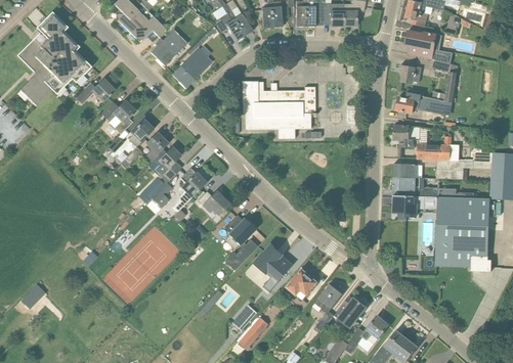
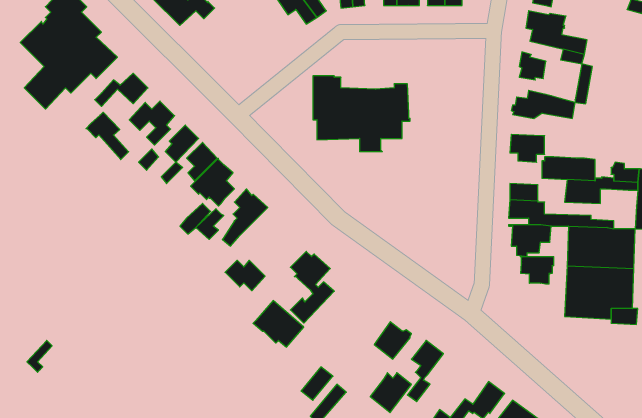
building: [151,30,186,65] -> none
building: [173,47,212,85] -> none
building: none -> [86,112,129,160]
building: [198,190,228,214] -> [225,260,265,291]
building: none -> [521,257,554,284]
building: [253,244,292,280] -> [253,301,304,347]
building: [334,297,366,327] -> [370,373,411,413]

